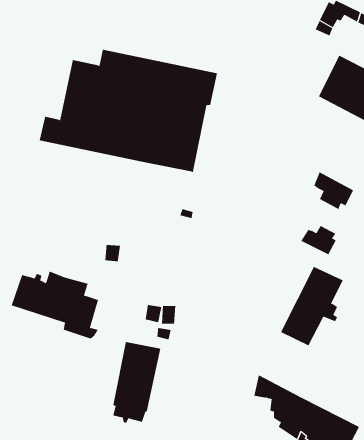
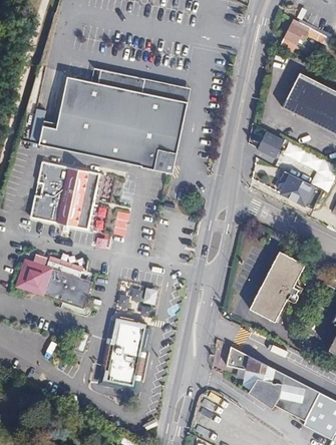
building: none -> [259,129,287,156]
building: none -> [30,161,100,230]
building: [301,225,337,255] -> none

